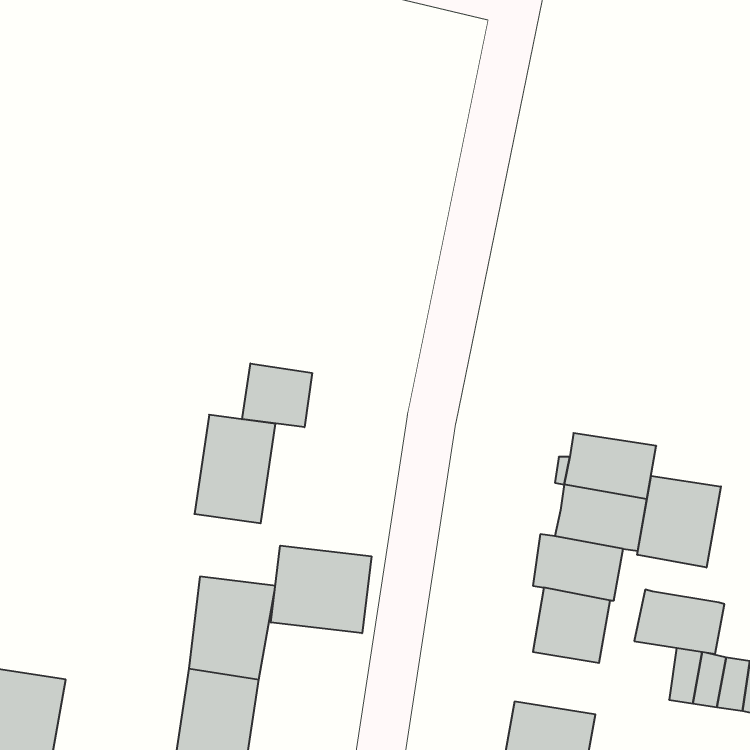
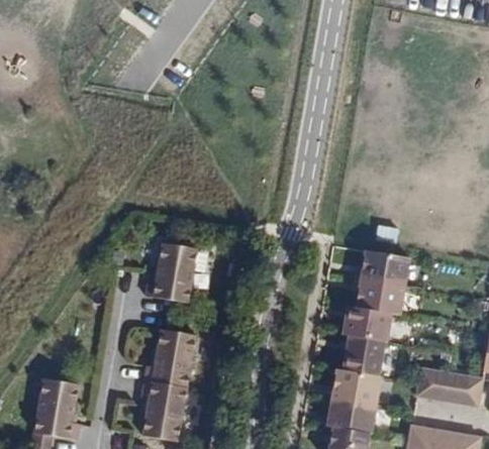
building: [242,363,312,427] -> none
building: [637,476,721,568] -> none
building: [271,546,371,633] -> none
building: [634,590,724,654] -> [330,370,380,406]

